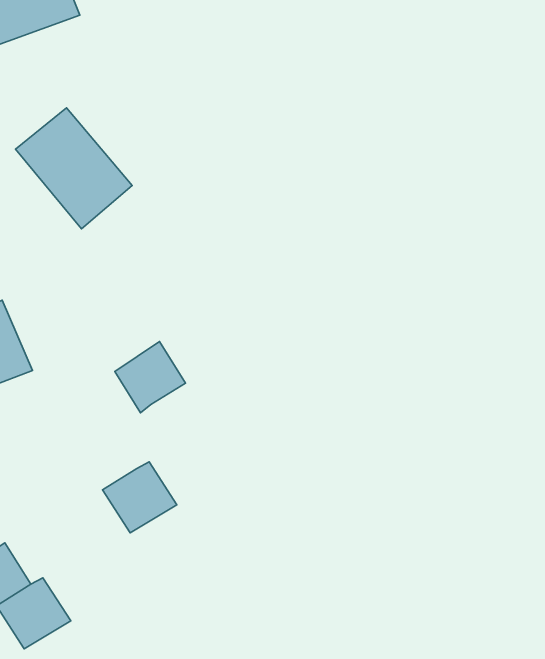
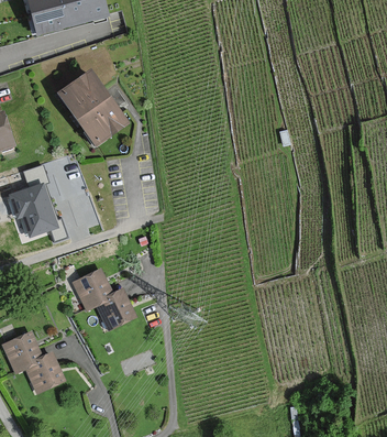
building: [115,342,185,413] -> [71,266,113,308]

